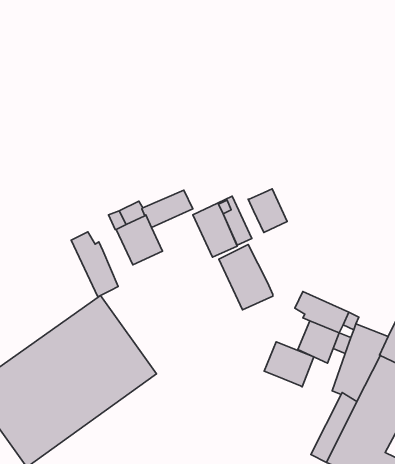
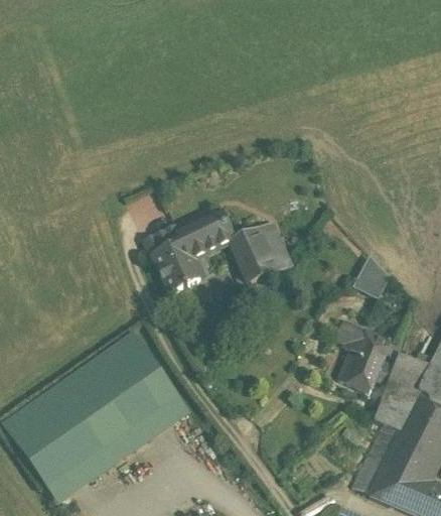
building: [248,189,287,233] -> none
building: none -> [355,260,387,298]
building: [71,232,118,297] -> none
building: [219,245,273,310] -> none
building: [264,342,314,387] -> none

